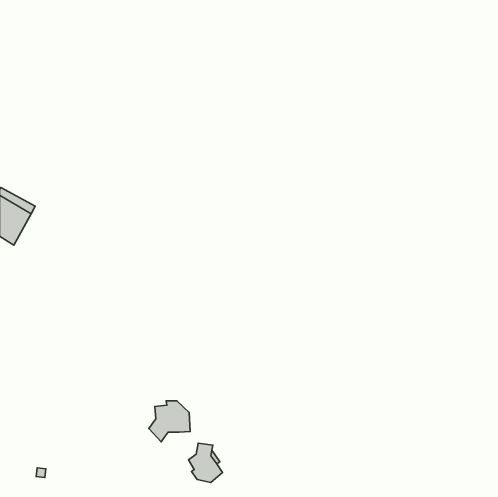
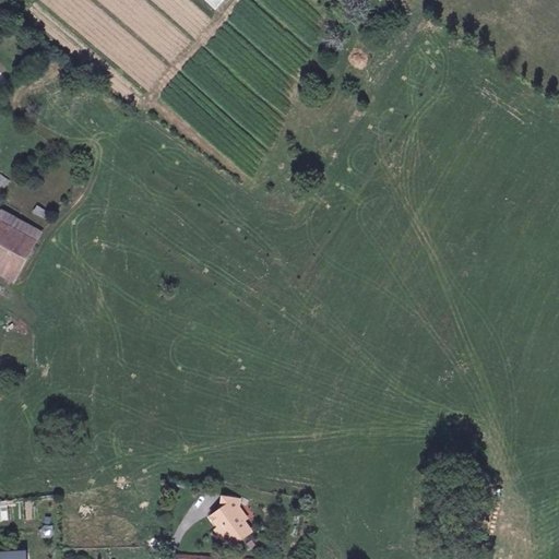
building: [149,401,190,442] -> none

